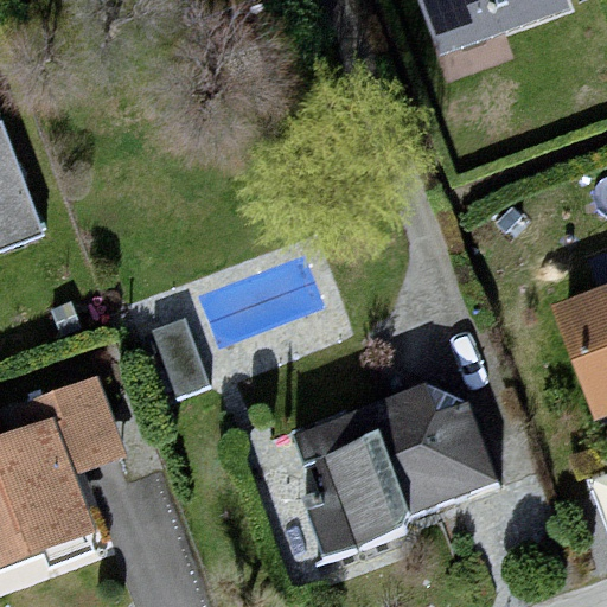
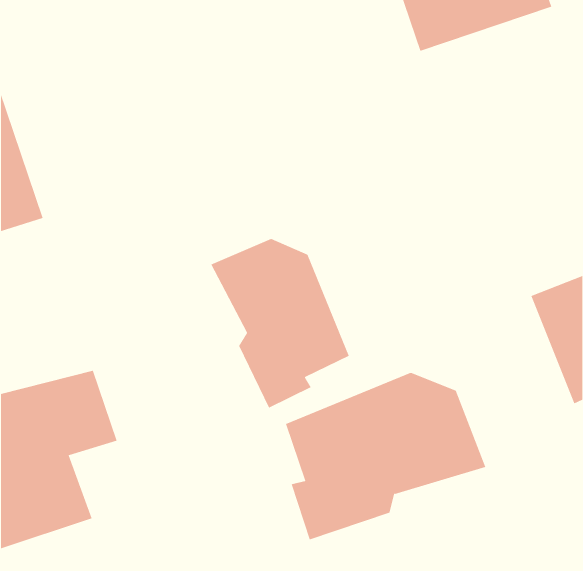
building: none -> [210,238,349,409]

